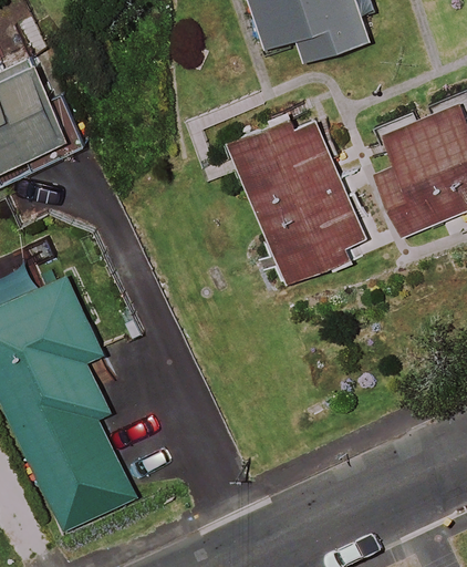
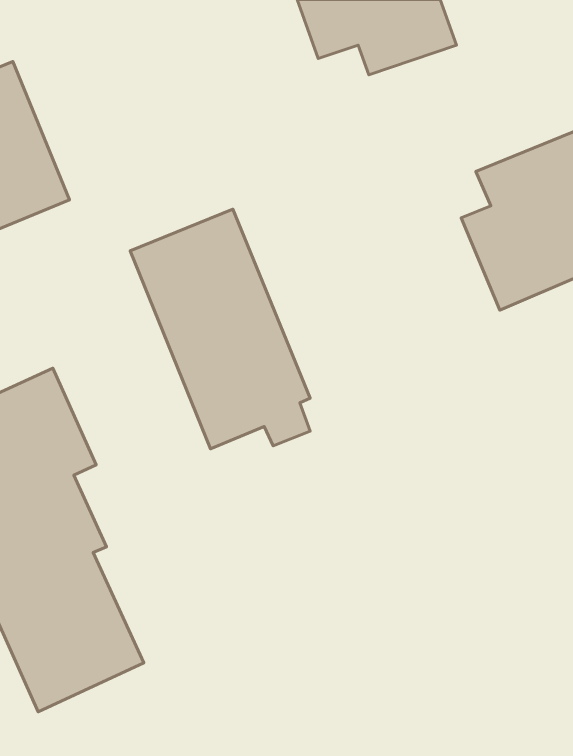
building: [229,100,363,278] -> [130,209,310,449]

